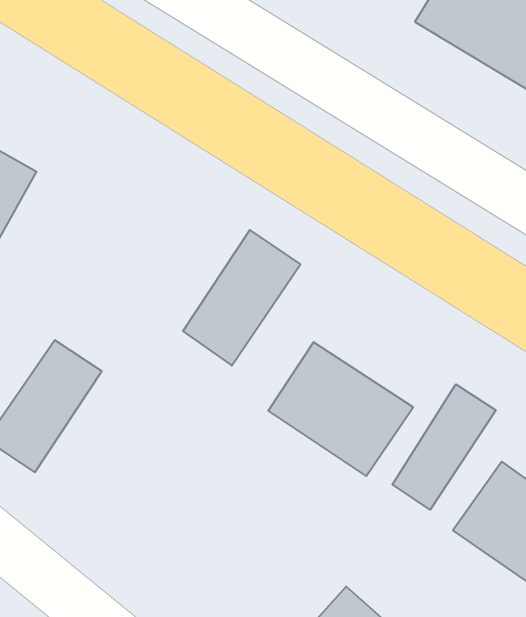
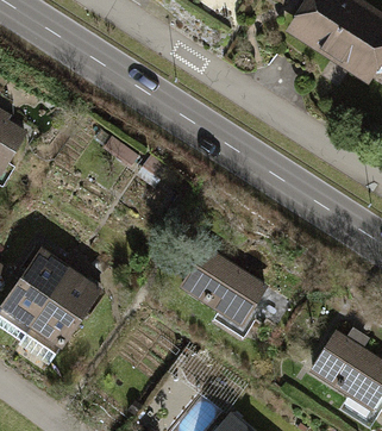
building: [183,230,300,366] -> [29,264,106,354]
building: [392,384,496,510] -> none

